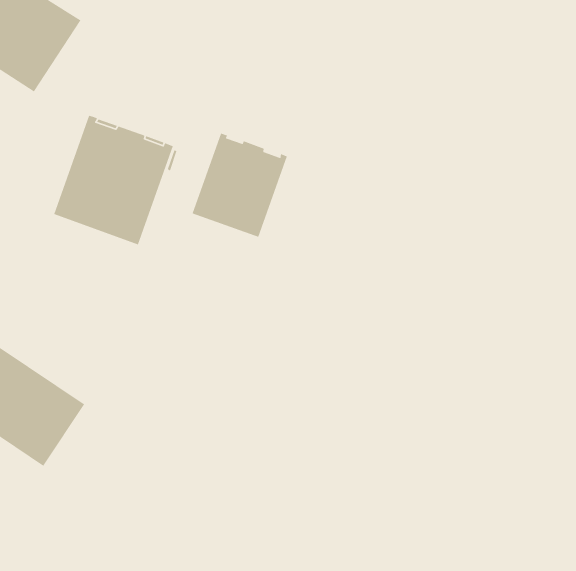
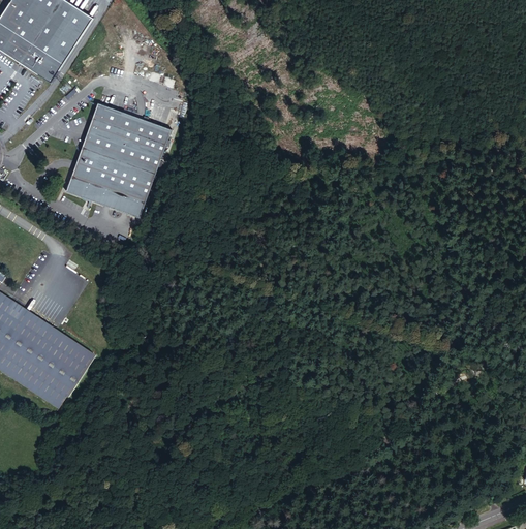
building: [191,133,288,238] -> none

